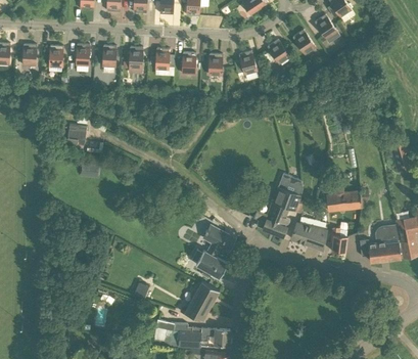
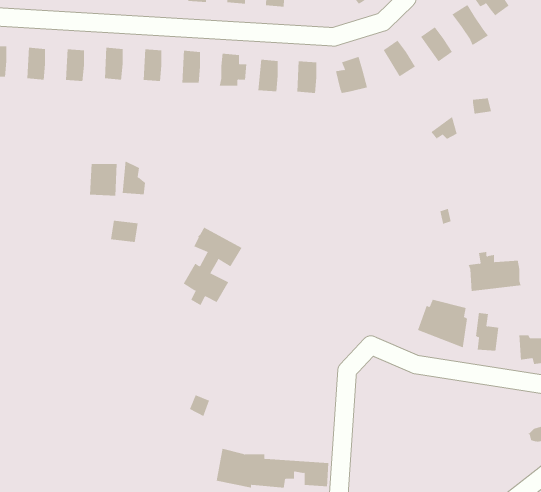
building: [253,175,301,236] -> none
building: [195,225,236,279] -> [183,227,243,306]
building: [184,280,219,320] -> none

